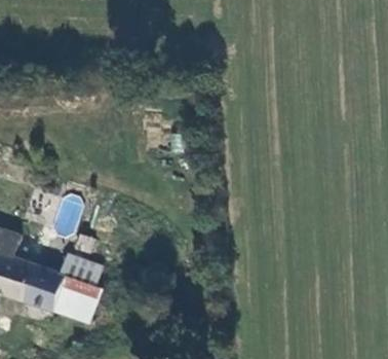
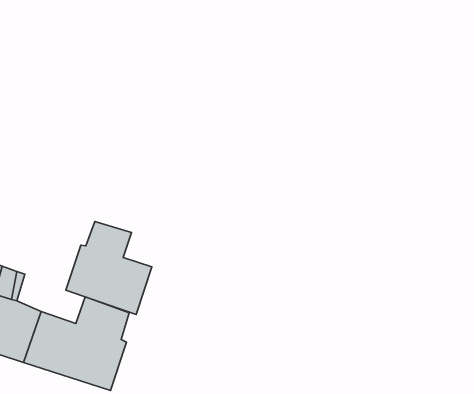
building: none -> [66,221,152,315]

